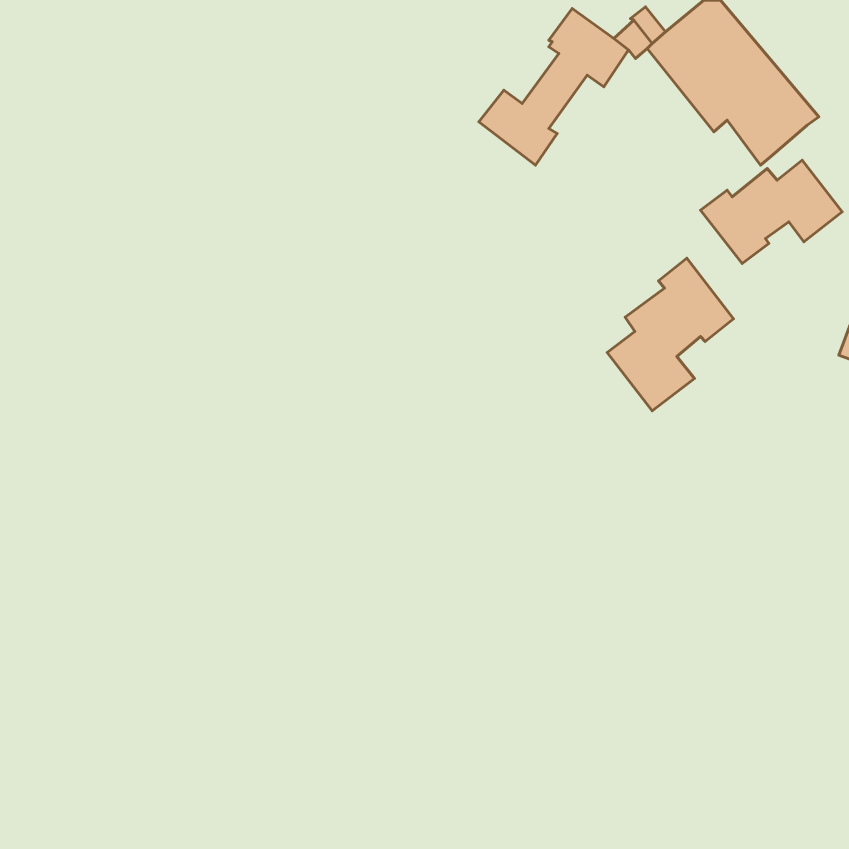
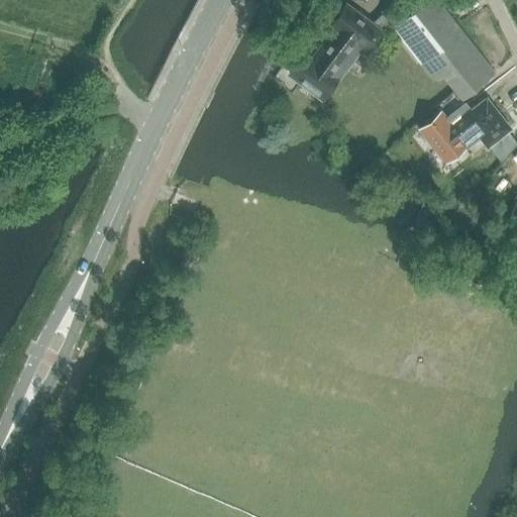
building: [607,258,733,411] -> none

